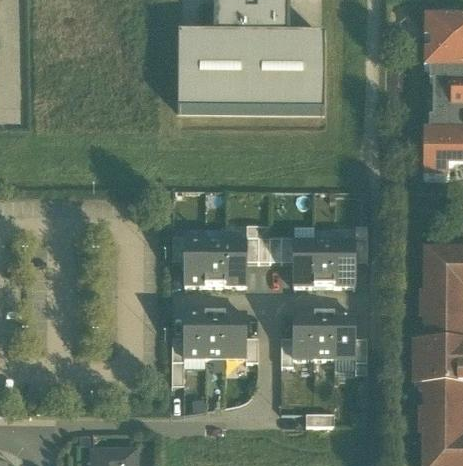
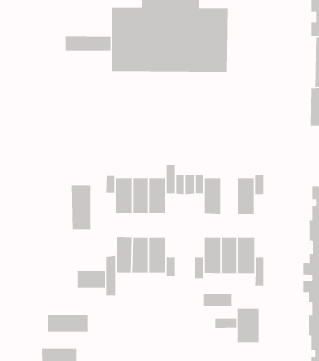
building: none -> [65,36,111,52]
building: [314,239,334,284] -> none
building: none -> [71,185,91,230]
building: none -> [77,270,106,288]
building: none -> [203,293,232,307]
building: none -> [237,308,259,343]
building: none -> [48,314,88,333]

